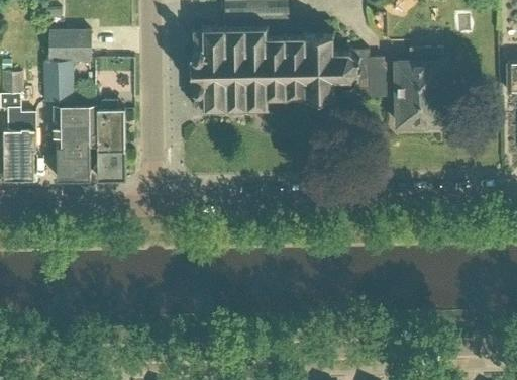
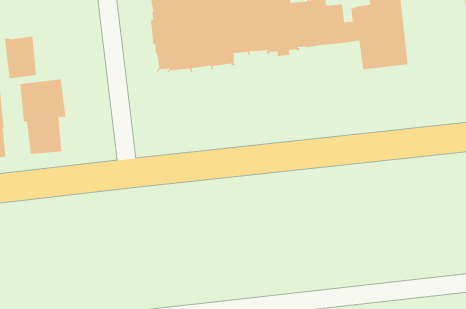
building: [48,31,91,63] -> none
building: [96,101,125,180] -> none

